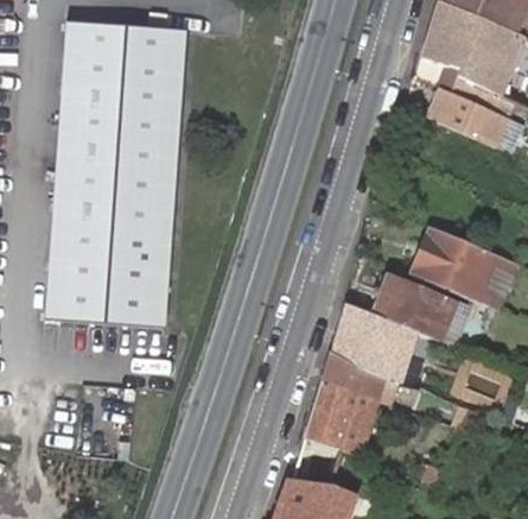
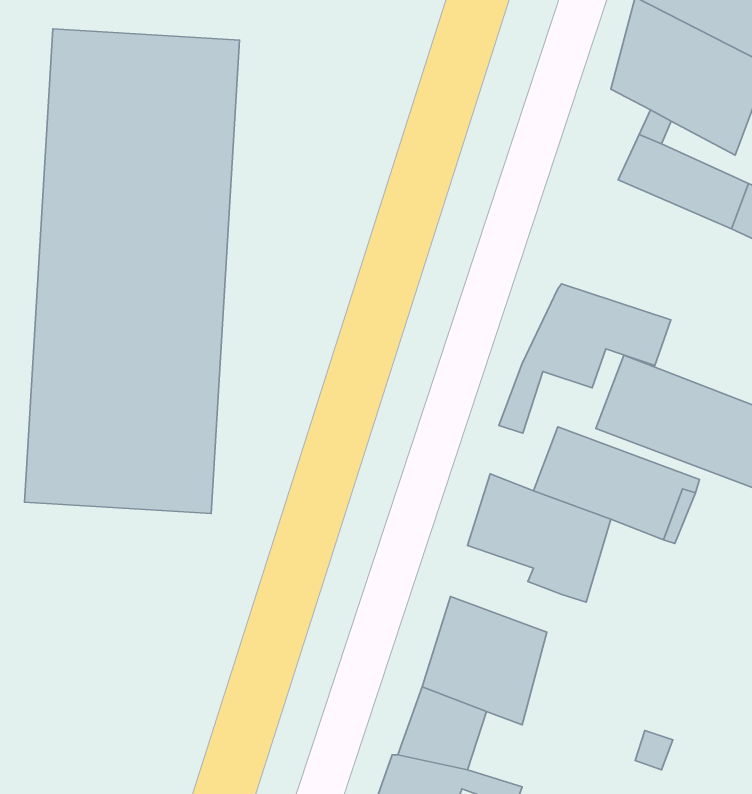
building: none -> [499,284,671,433]
building: [317,347,387,403] -> none

